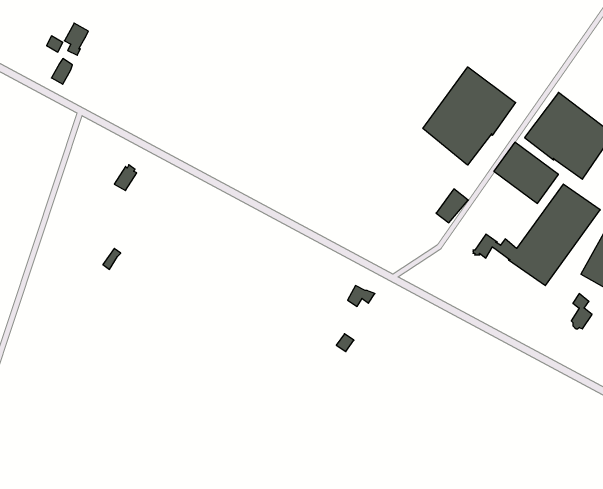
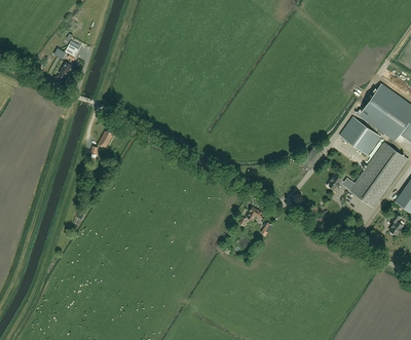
building: [423,67,516,165] -> none

